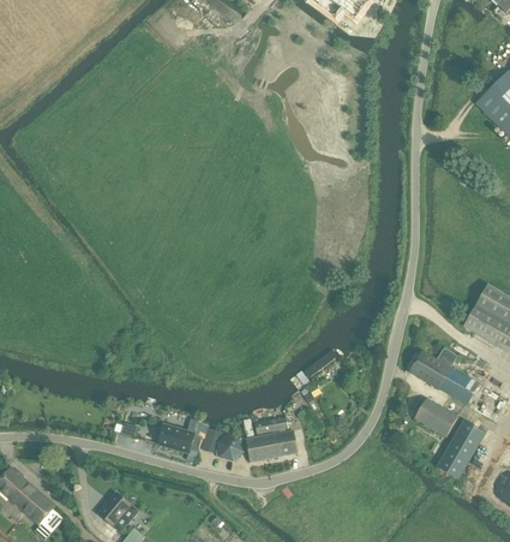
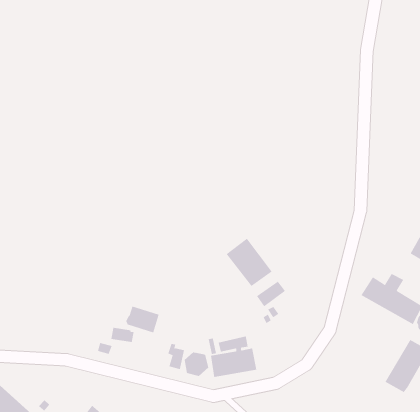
building: none -> [226,238,272,287]
building: [415,399,458,436] -> none
building: [157,423,194,453] -> [125,306,159,333]

